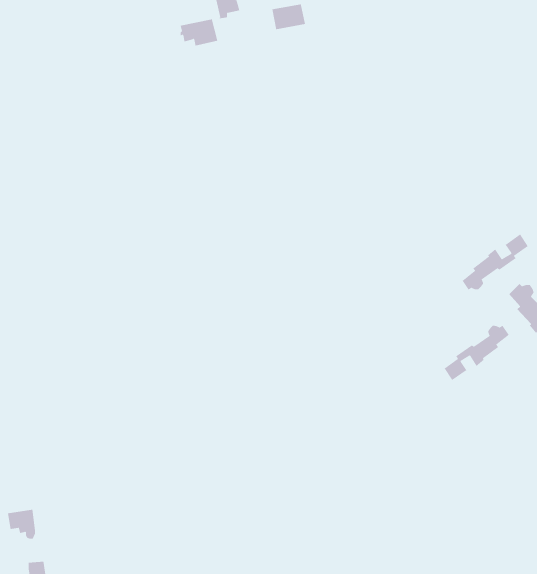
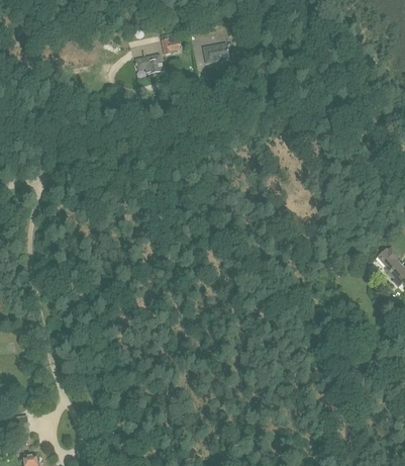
building: [462,234,528,291] -> none
building: [444,325,509,381] -> none

